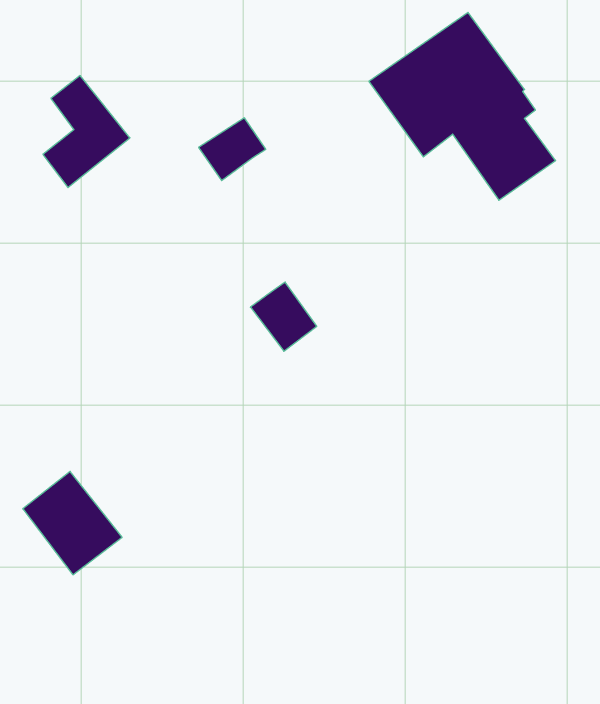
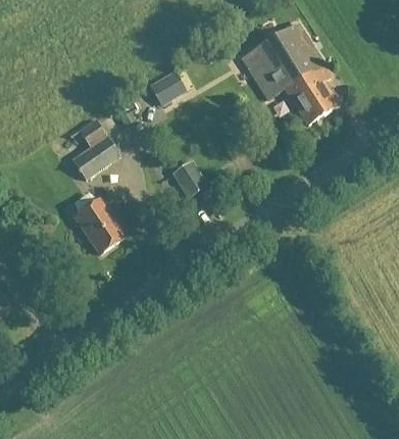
building: [43,76,130,188] -> [72,119,119,179]
building: [23,471,122,575] -> [73,197,126,252]

